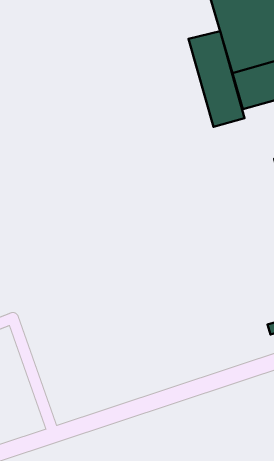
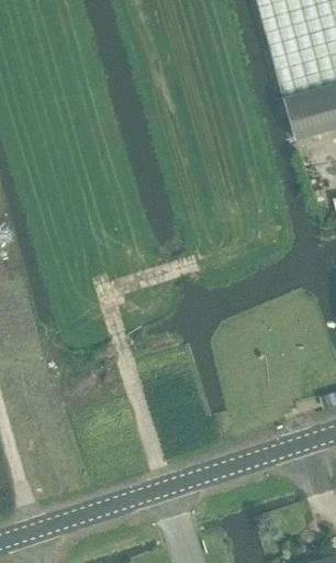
building: [189,31,244,127] -> none

